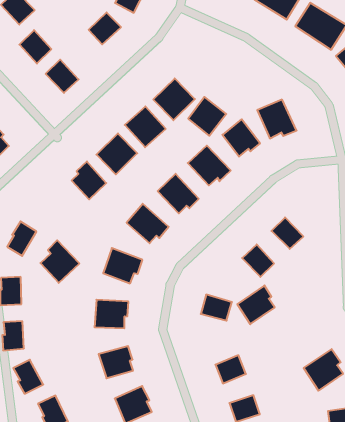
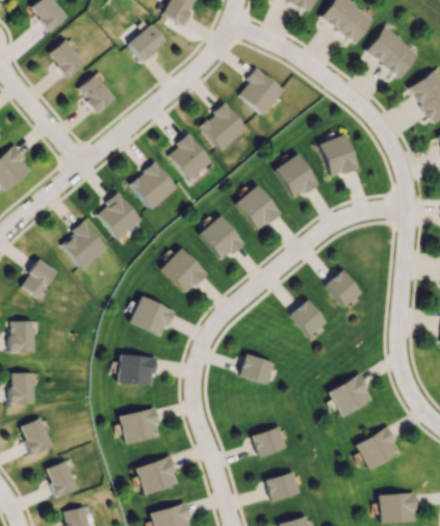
building: [188,97,226,136] -> [240,70,284,114]
building: [40,240,79,283] -> [62,219,107,268]
building: [237,285,275,324] -> [328,373,370,417]

